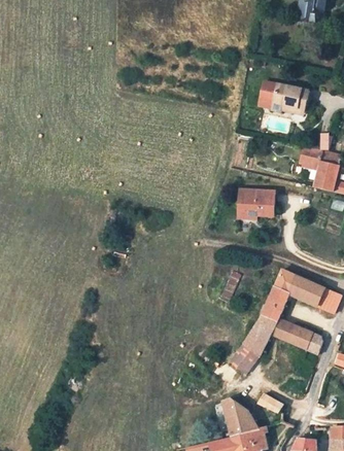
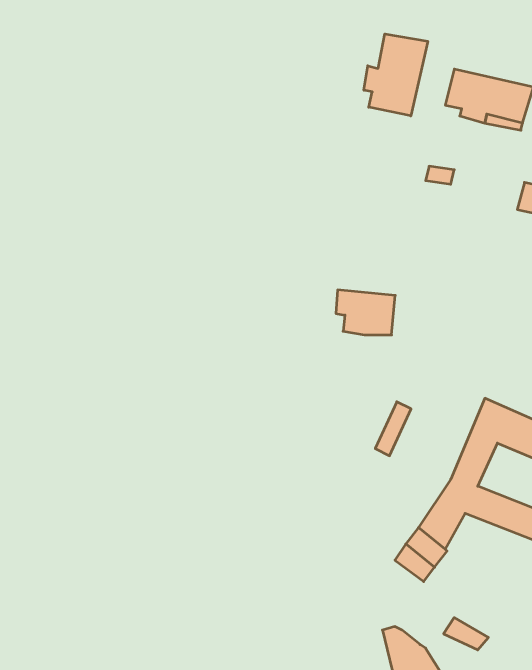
building: none -> [364,34,428,116]
building: [242,189,276,215] -> [336,290,395,335]

